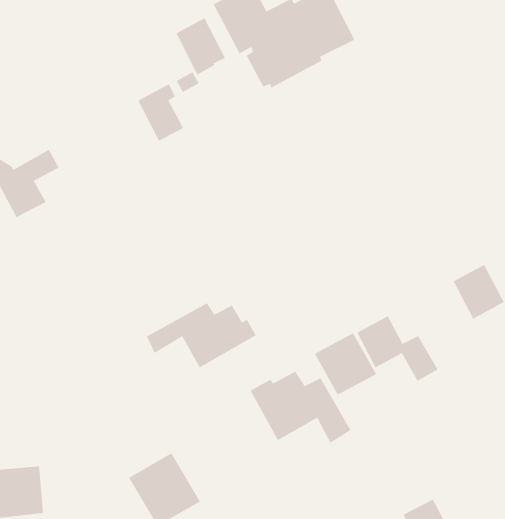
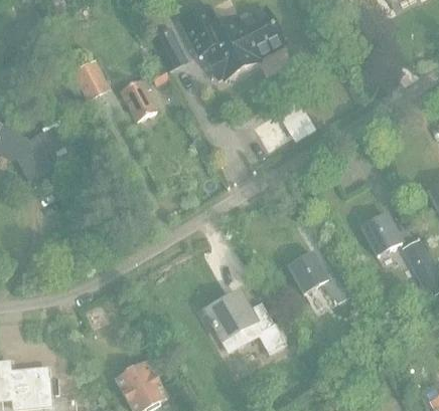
building: none -> [74,59,109,96]
building: [146,303,256,368] -> none
building: [314,332,377,395] -> none

